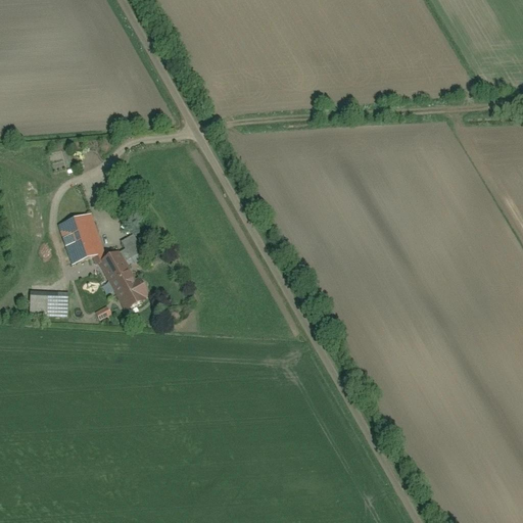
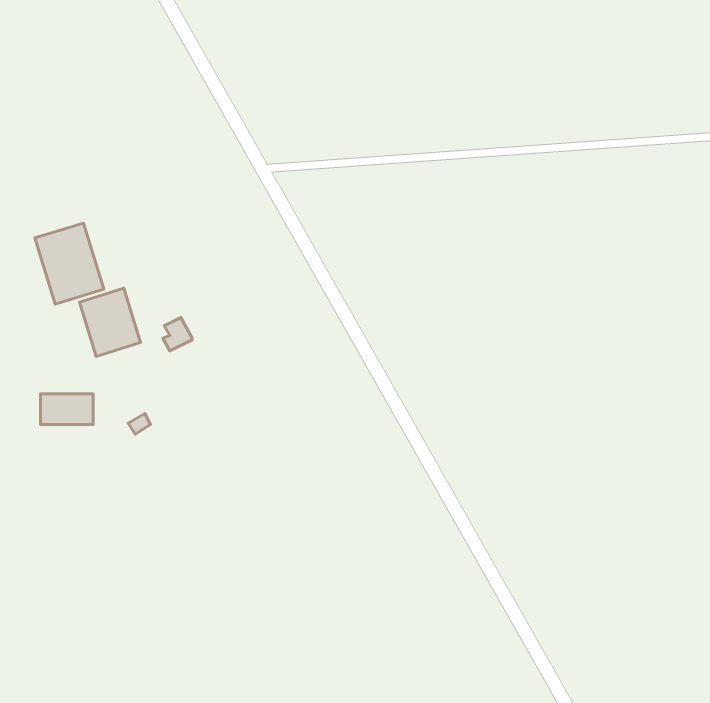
building: none -> [35,223,104,304]
building: [99,251,148,308] -> none

